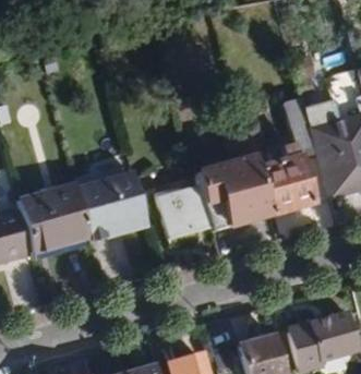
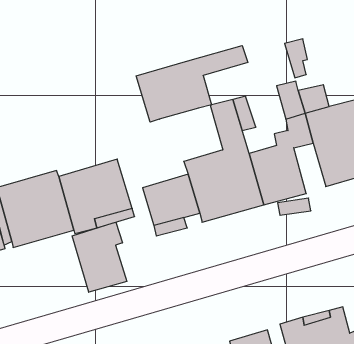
building: none -> [136,46,248,122]
building: none -> [72,222,127,292]

